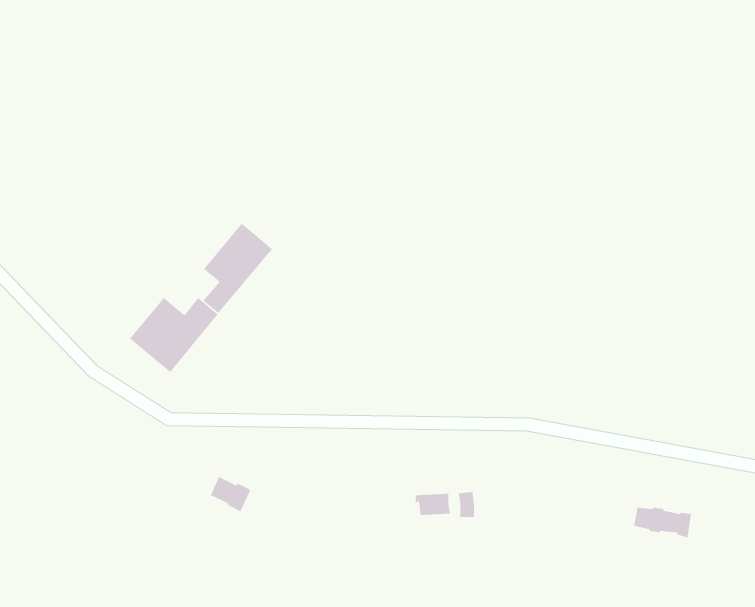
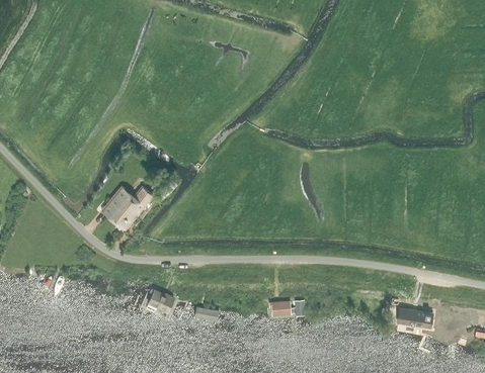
building: [203,223,273,314] -> none

